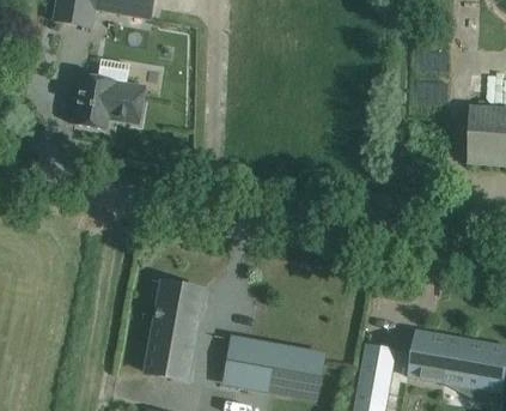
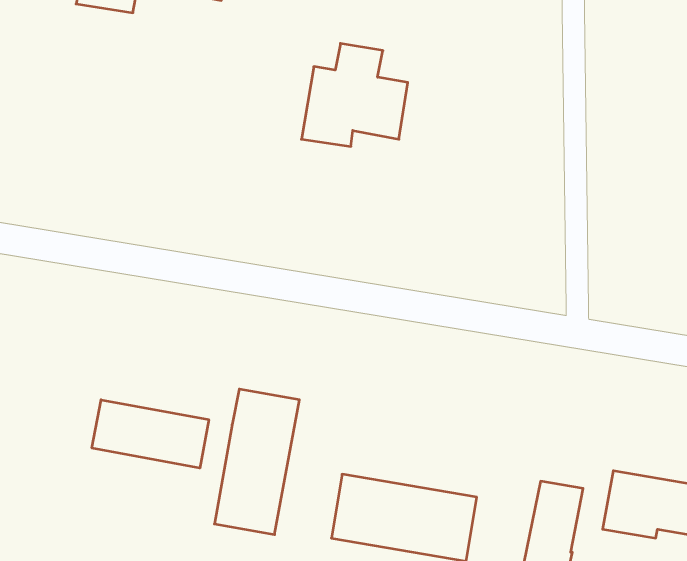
building: [73,59,145,128] -> [301,43,408,146]
building: none -> [92,400,209,468]

